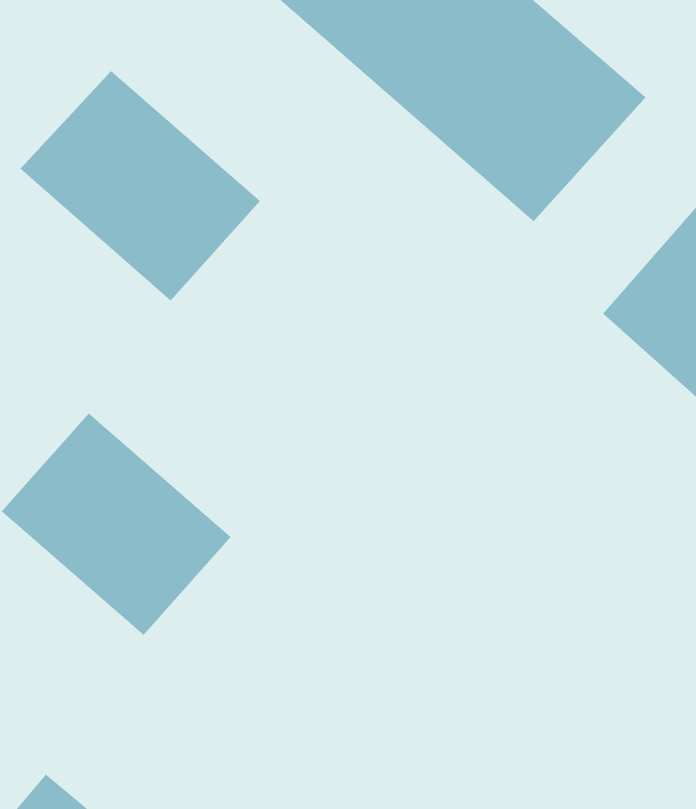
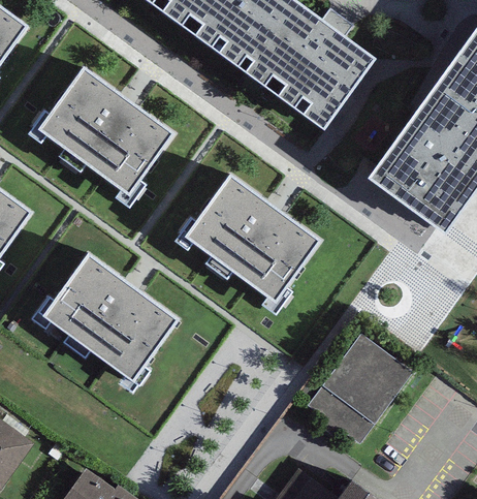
building: none -> [186,179,319,304]
building: none -> [308,326,414,439]

